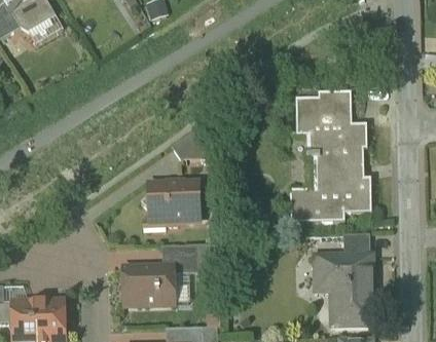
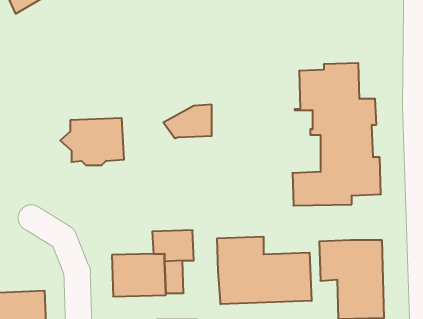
building: [141,181,199,224] -> [60,118,124,165]
building: [343,231,370,253] -> none
building: none -> [217,237,312,304]

